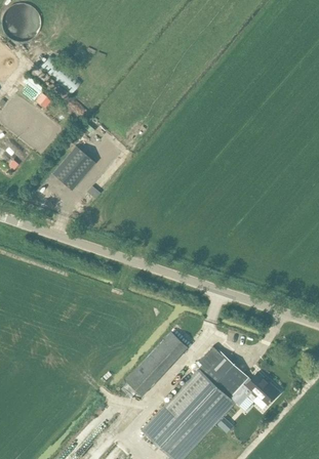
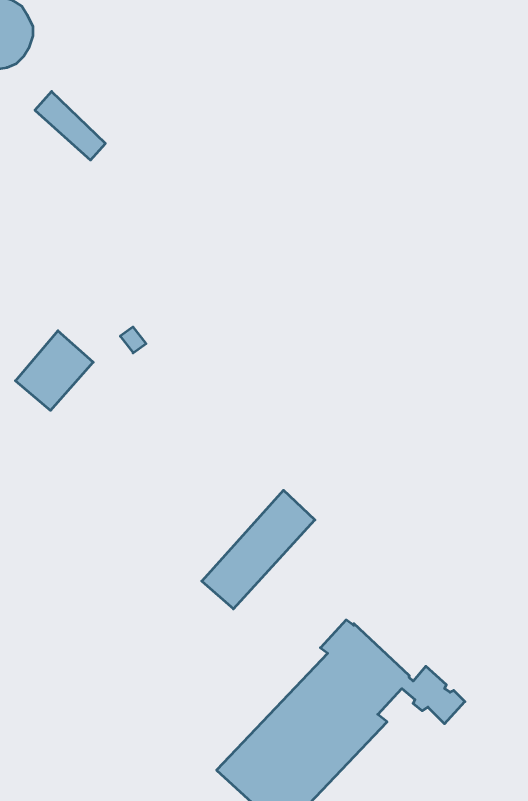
building: [51,145,94,190] -> [15,331,93,410]
building: [127,330,190,395] -> [202,490,315,609]

